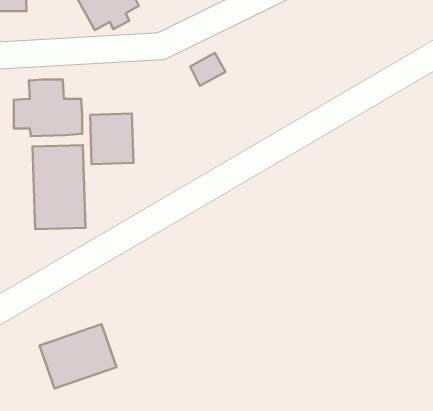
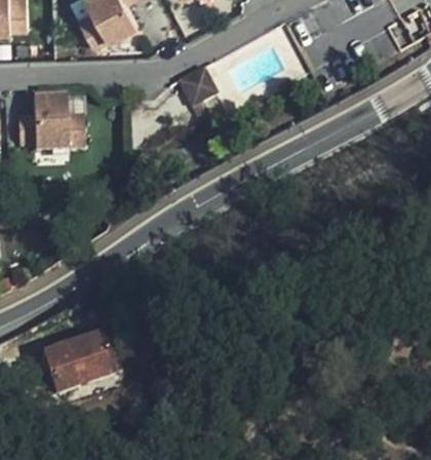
building: [90,114,133,164] -> none
building: [33,145,85,229] -> none

